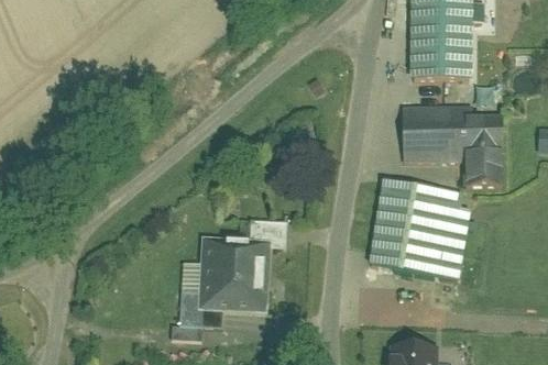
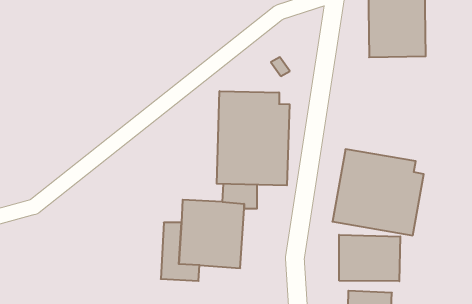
building: [403,106,505,187] -> none
building: none -> [217,91,290,185]
building: none -> [339,235,400,281]

